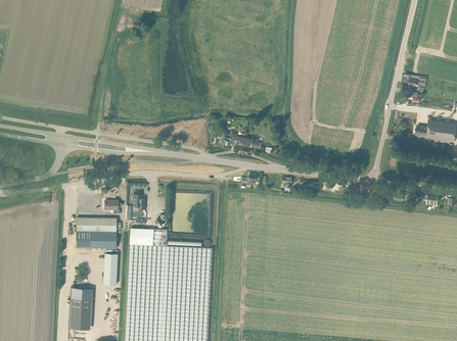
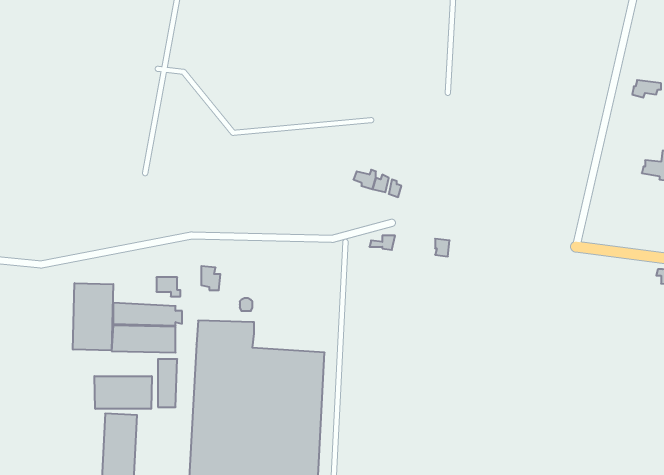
building: none -> [73,283,113,351]
building: none -> [94,376,152,409]

